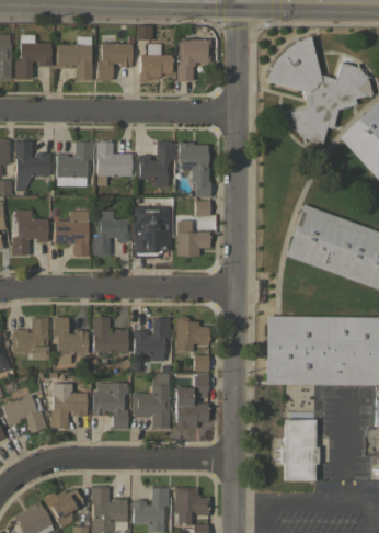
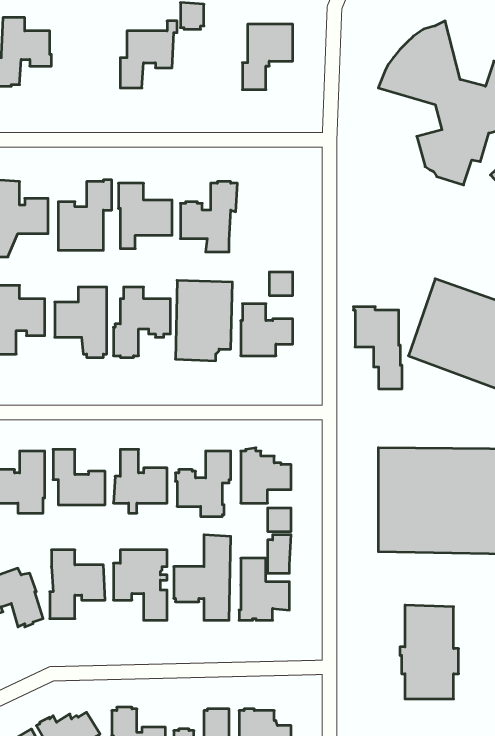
building: [139,44,173,80] -> none
building: [57,45,92,81] -> none
building: [179,143,210,196] -> [353,307,402,389]

